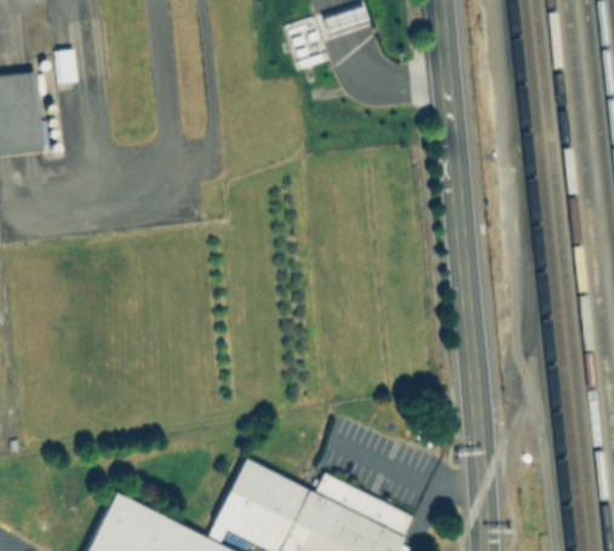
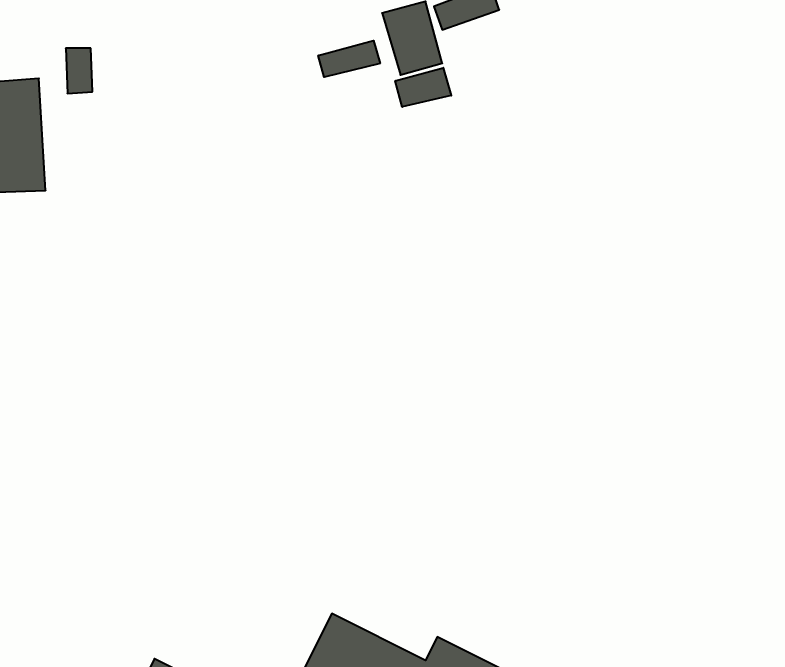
building: none -> [318,41,380,77]
building: none -> [395,68,451,107]

